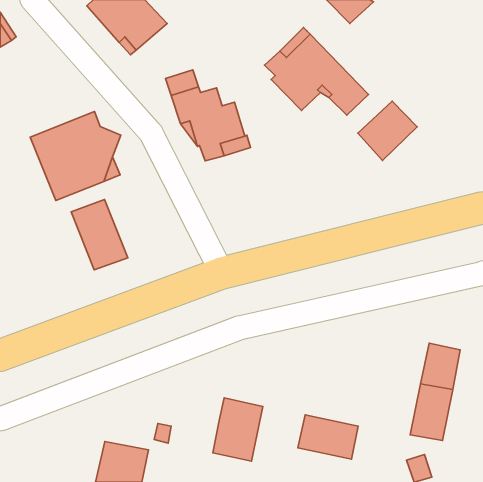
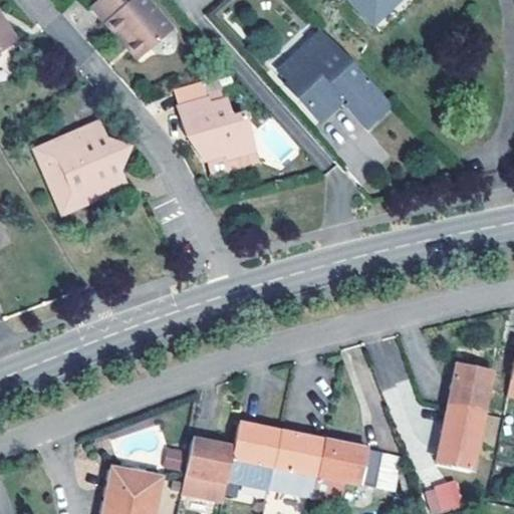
building: [358,101,417,160] -> none
building: [71,200,128,270] -> none
building: none -> [267,432,324,499]
building: none -> [179,439,233,503]

